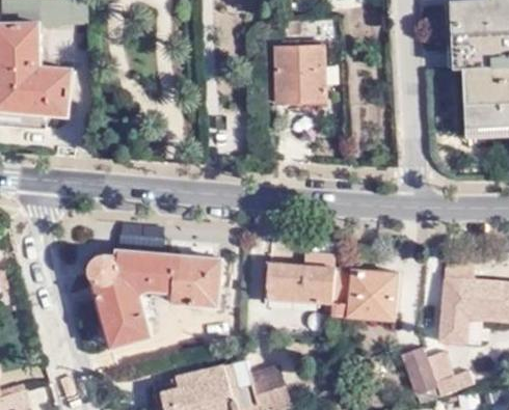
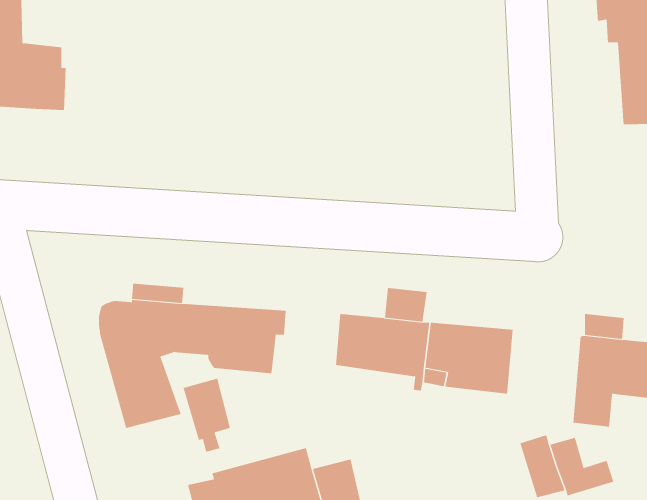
building: [274,47,324,105] -> none
building: none -> [183,378,231,452]

